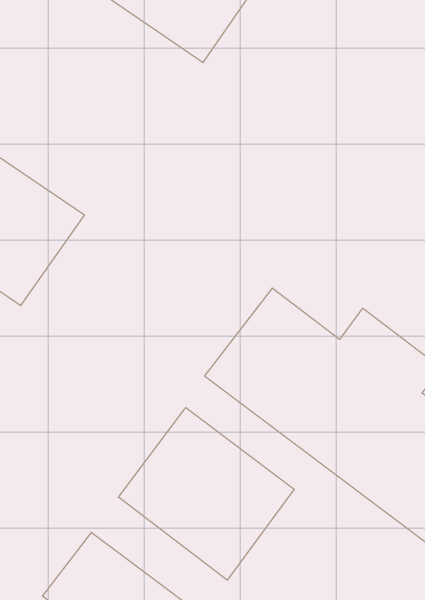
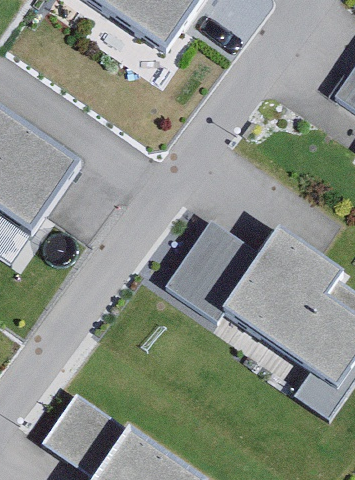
building: [118,408,294,580] -> none

